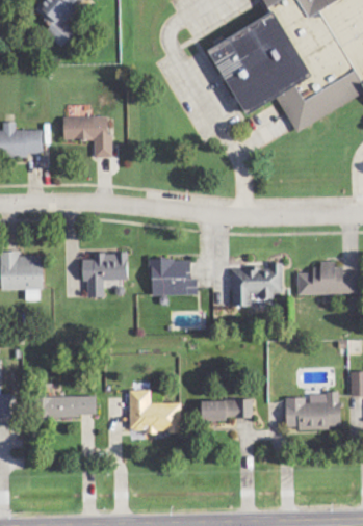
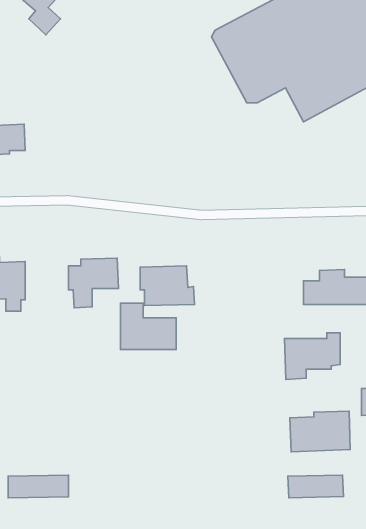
building: [63,115,111,157] -> none
building: [231,263,282,306] -> [285,333,340,379]
building: [129,389,180,431] -> [120,303,176,350]
building: [41,396,96,417] -> [8,475,68,498]
building: [202,399,253,420] -> [288,475,344,498]

